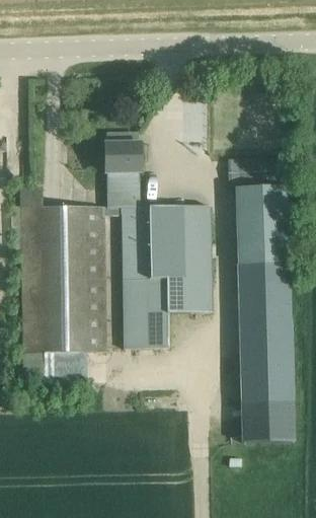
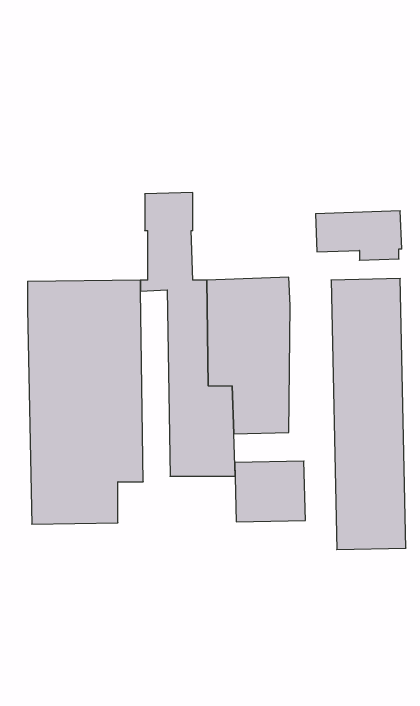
building: [243,397,294,441] -> [235,461,305,522]

